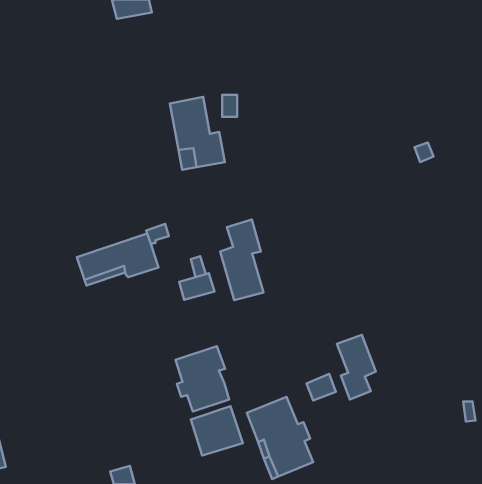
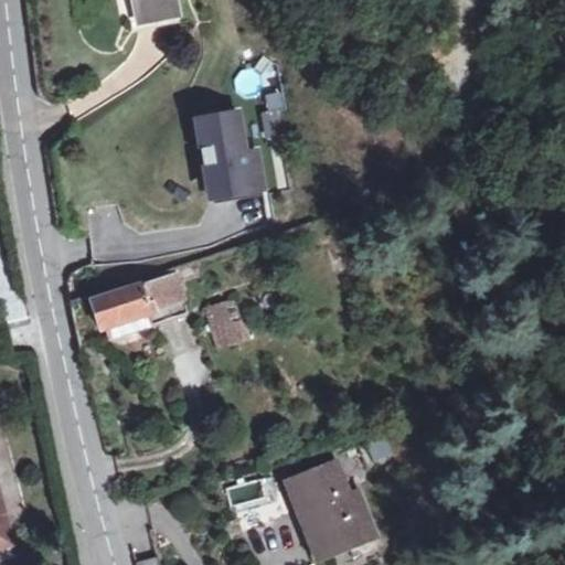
building: [220,219,264,300] -> none
building: [337,335,376,399] -> none
building: [176,346,229,412] -> none

